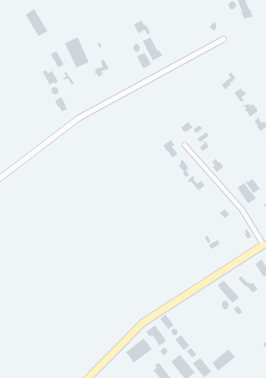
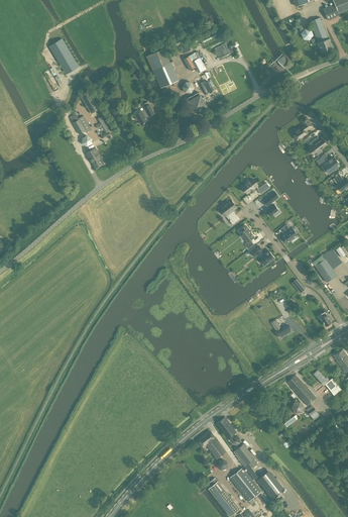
building: [64,37,90,68] -> [145,48,177,88]
building: [125,337,153,364] -> none
building: [211,349,236,371] -> none

